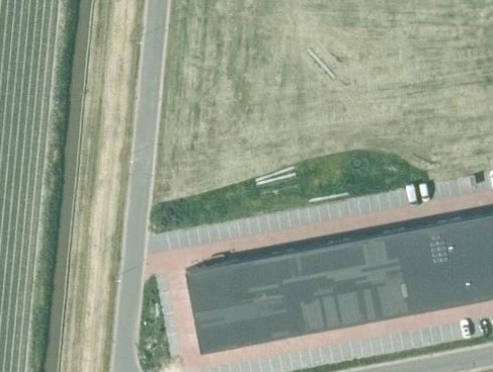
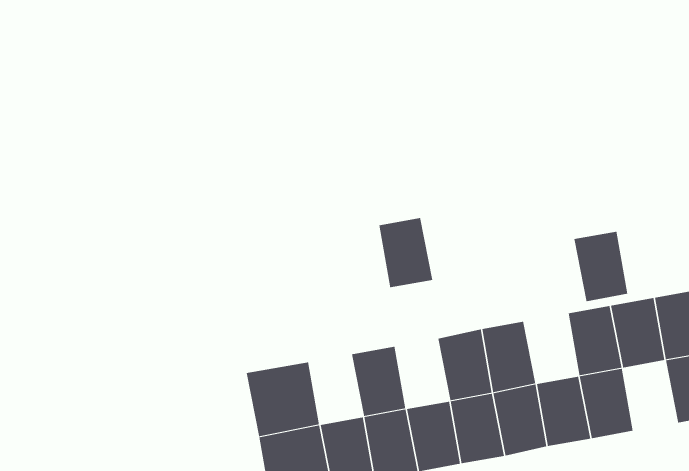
building: [369,234,405,279] -> [573,231,628,302]
building: [286,250,322,295] -> [378,217,433,288]
building: [231,260,266,305] -> none
building: [433,264,469,309] -> none

